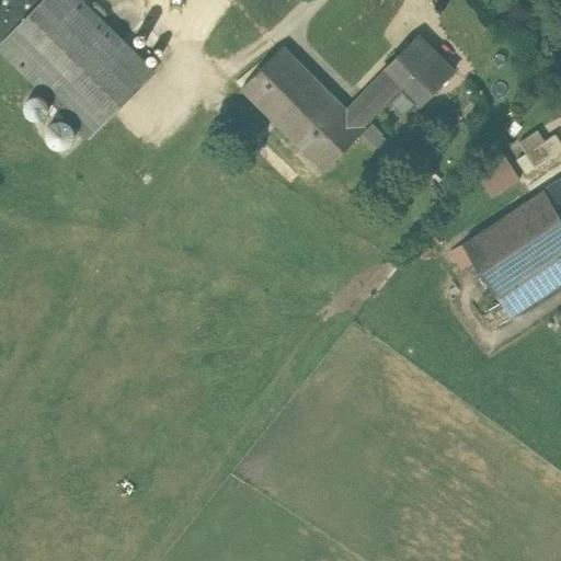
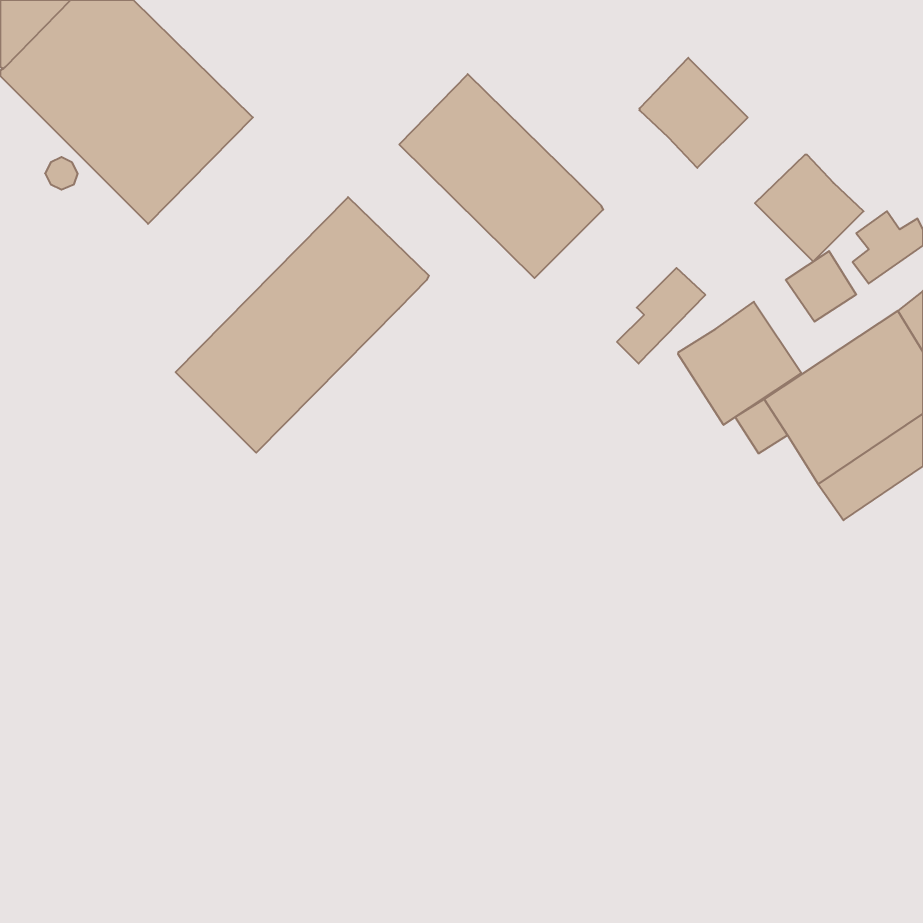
building: [352,67,405,125] -> [617,268,705,364]
building: none -> [755,155,864,262]
building: none -> [176,197,429,453]
building: none -> [678,302,801,425]

